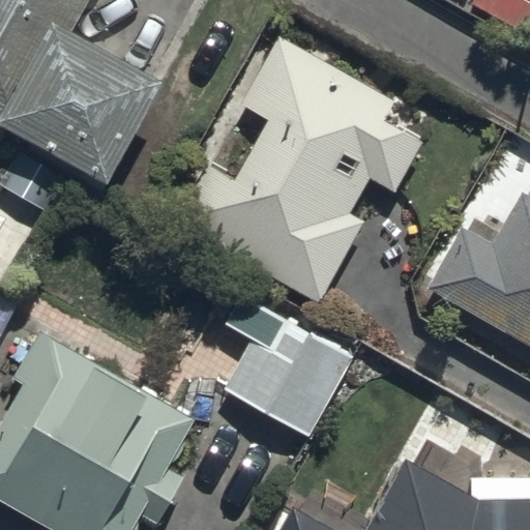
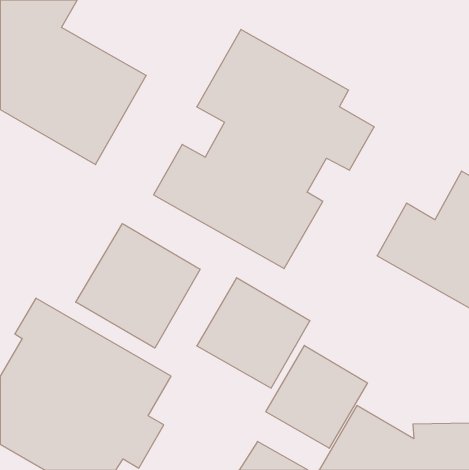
building: none -> [76,224,200,348]
building: none -> [266,345,367,448]

